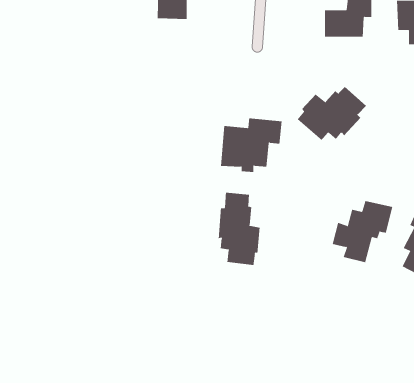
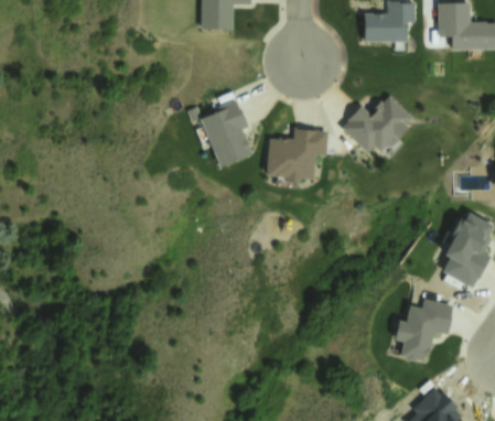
building: none -> [200,96,250,164]
building: [218,192,260,266] -> none
building: [332,200,393,263] -> [392,298,454,360]

